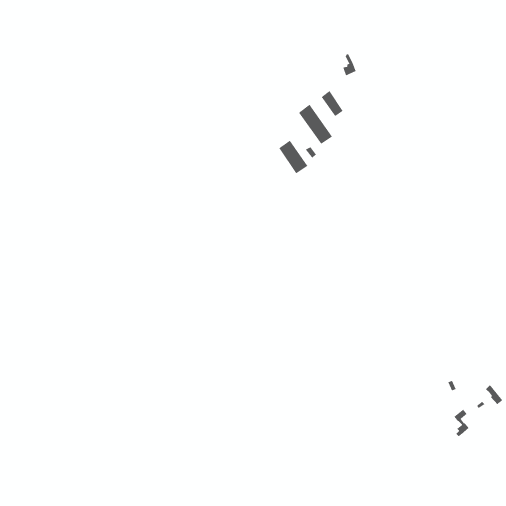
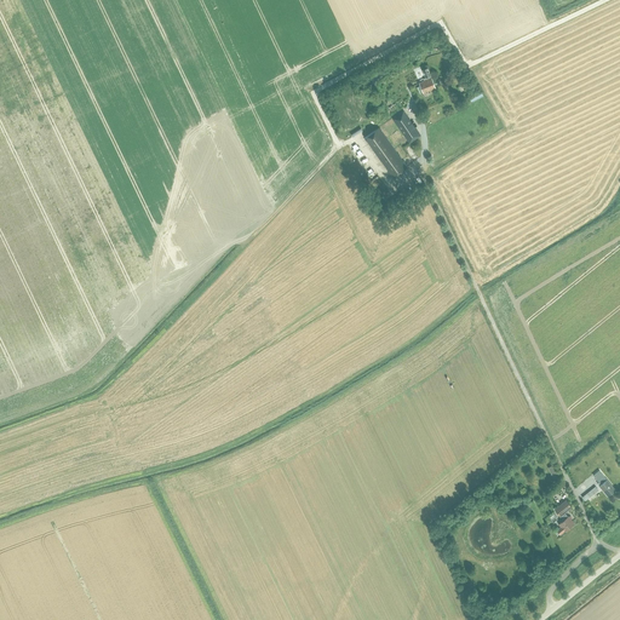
building: [279,140,308,174] -> none

